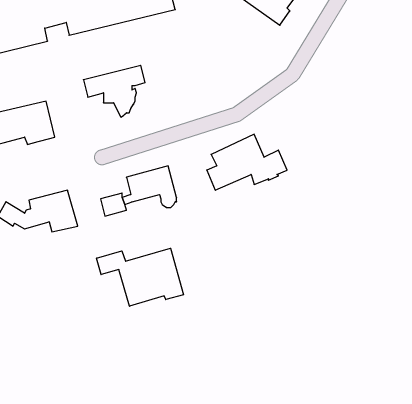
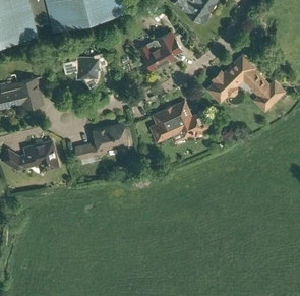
building: none -> [139,32,182,71]
building: none -> [207,55,287,110]
building: [97,248,184,306] -> none

